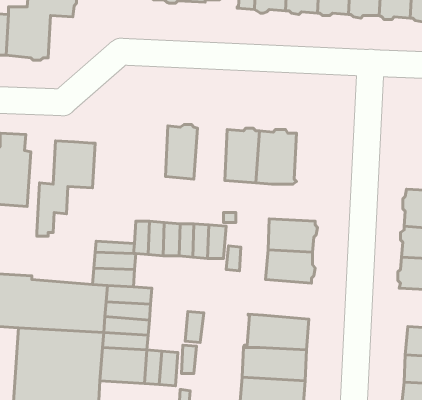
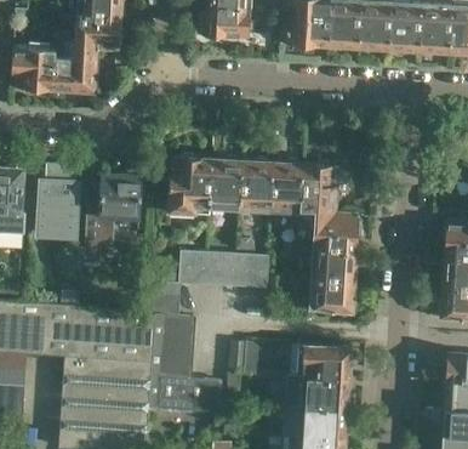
building: none -> [167,154,212,214]
building: none -> [238,158,270,211]
building: none -> [312,212,360,251]

